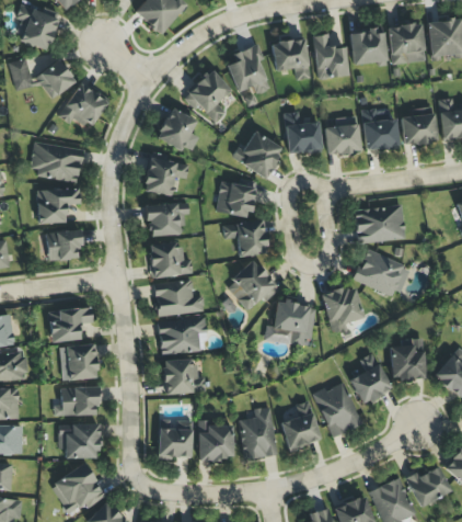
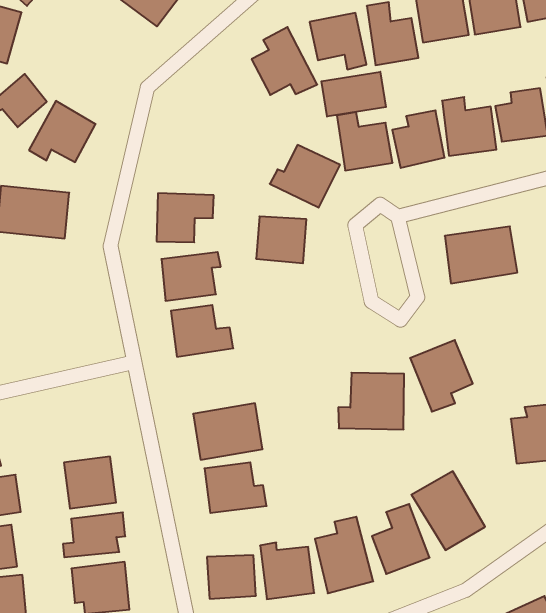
building: [183,69,231,123] -> none
building: none -> [321,72,386,117]
building: [157,107,199,151] -> none
building: [37,189,79,224] -> none
building: [223,219,267,258] -> none
building: [47,230,81,261] -> none
building: [355,251,408,297] -> none
building: [226,261,279,310] -> none
building: [154,280,205,316] -> none
building: [47,307,93,343] -> none
building: [349,352,392,406] -> none

